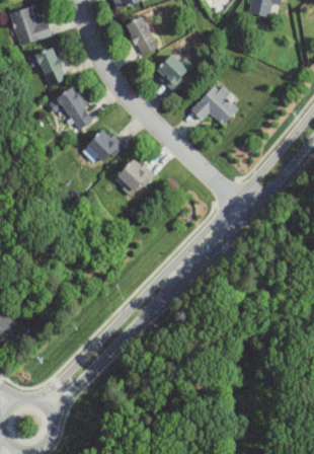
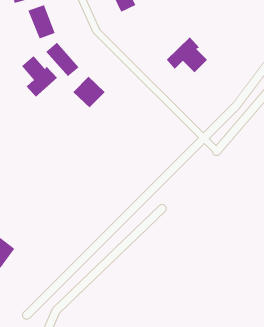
building: [155,54,190,89] -> none
building: none -> [21,55,58,97]
building: [115,157,154,196] -> none

